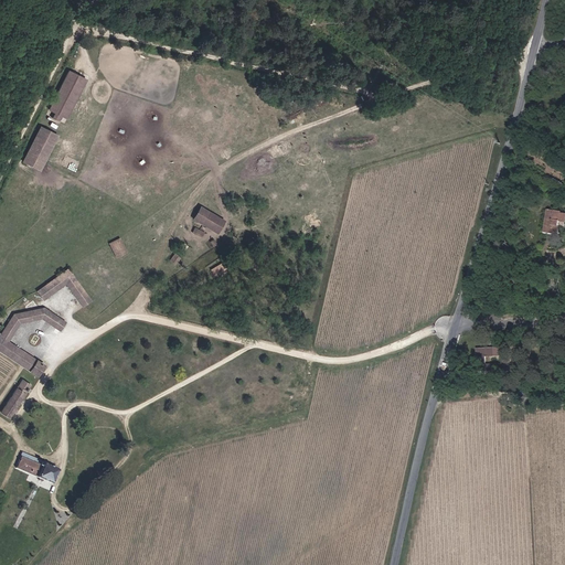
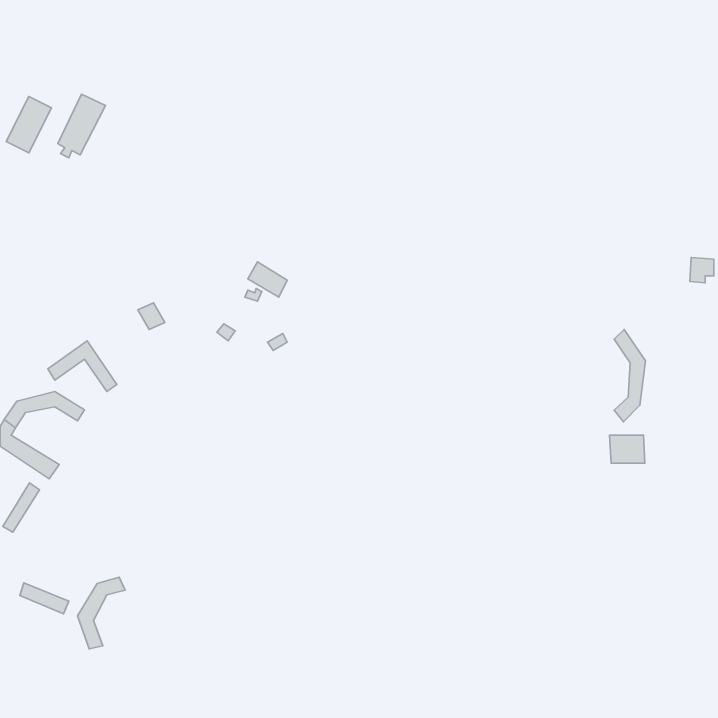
building: [20,131,55,175] -> [6,96,51,153]
building: none -> [614,330,645,422]
building: none -> [77,577,125,649]

